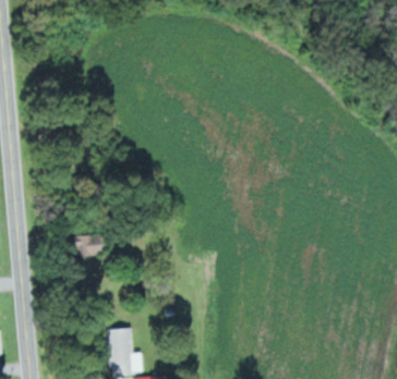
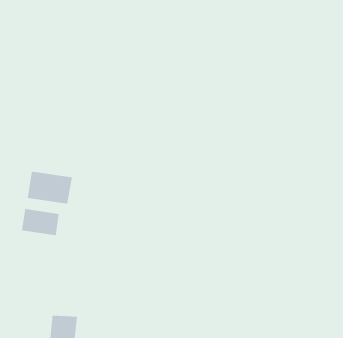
building: none -> [27,171,72,205]

